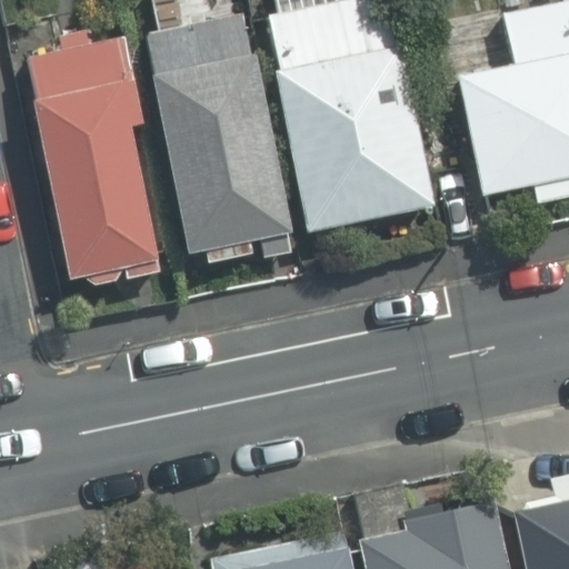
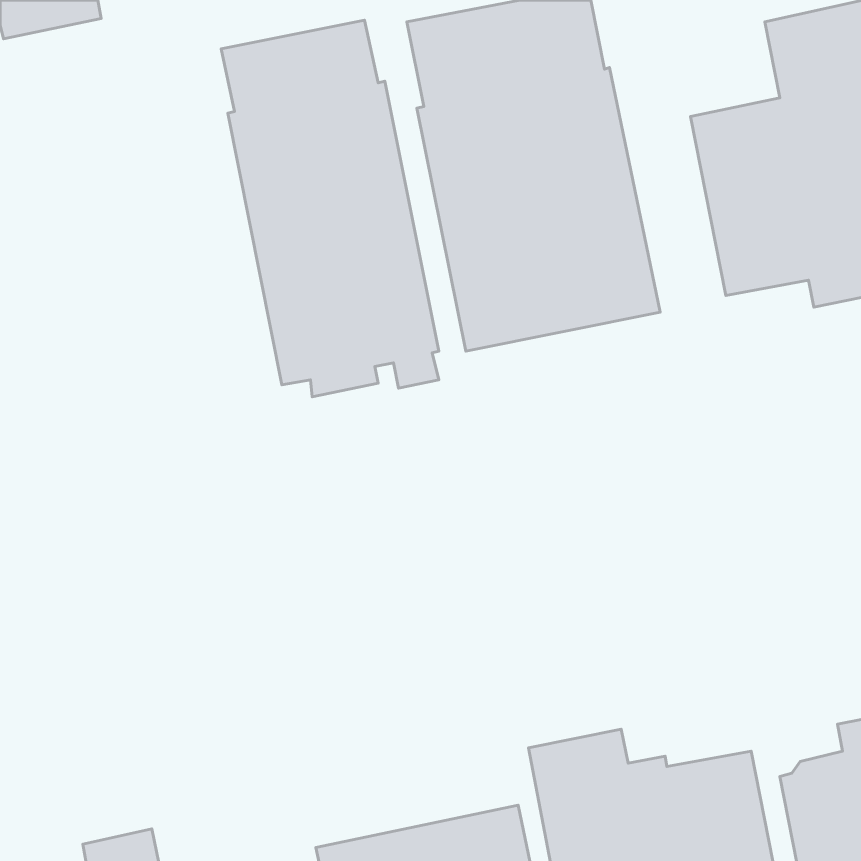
building: [30,33,161,284] -> none

